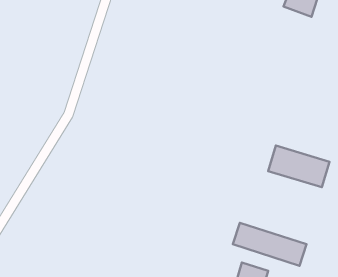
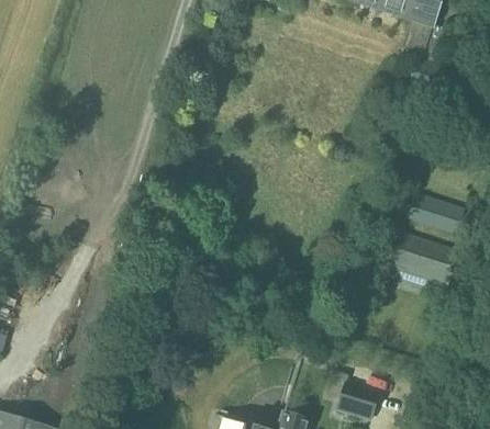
building: none -> [403,190,464,230]
building: [233,223,306,266] -> none

